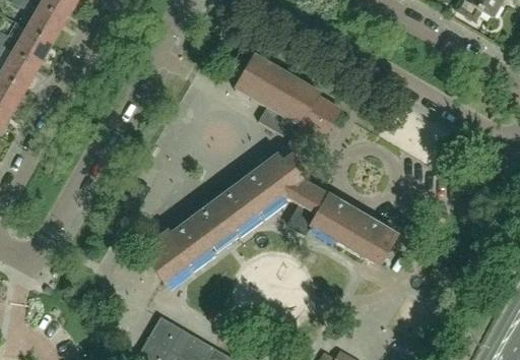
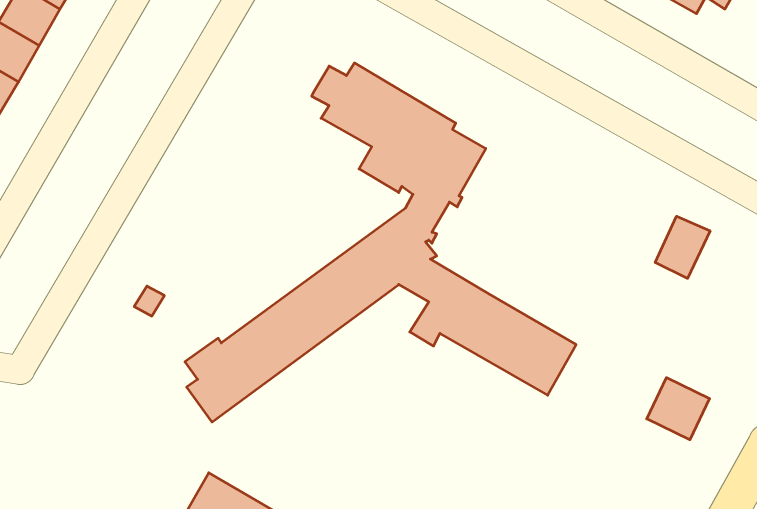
building: none -> [655,216,710,278]
building: none -> [647,378,710,440]

